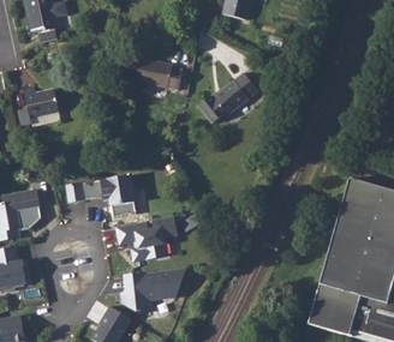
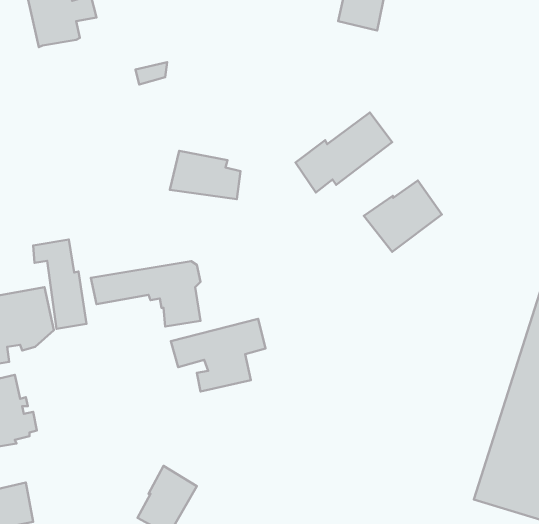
building: [136,56,181,88] -> [170,151,240,199]
building: [18,85,59,126] -> none
building: none -> [364,180,442,252]
building: none -> [33,240,86,329]
building: [125,264,187,308] -> none

